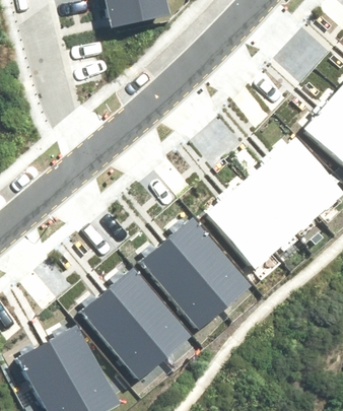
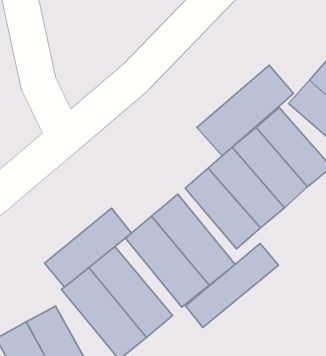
building: none -> [197,65,293,156]
building: none -> [44,208,131,287]
building: none -> [185,244,279,327]

